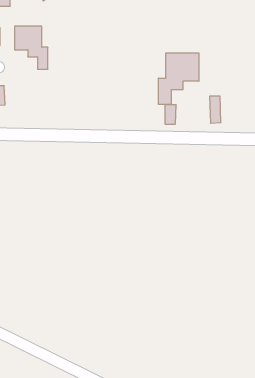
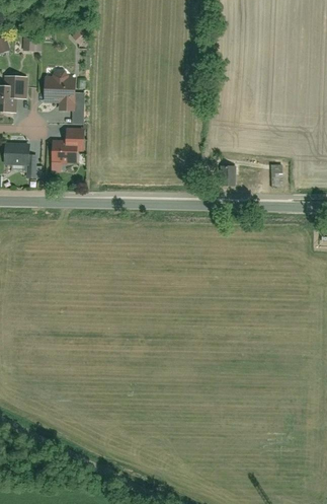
building: [158,53,199,104] -> none
building: none -> [49,130,86,162]

